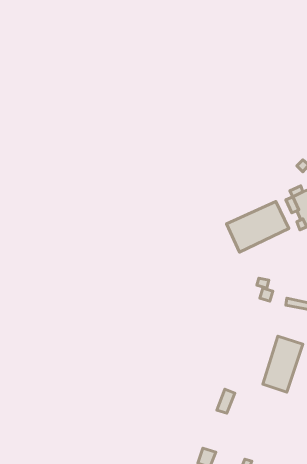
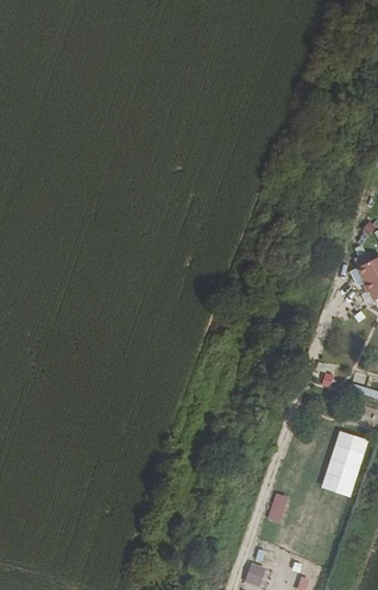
building: [226,201,289,252] -> none

